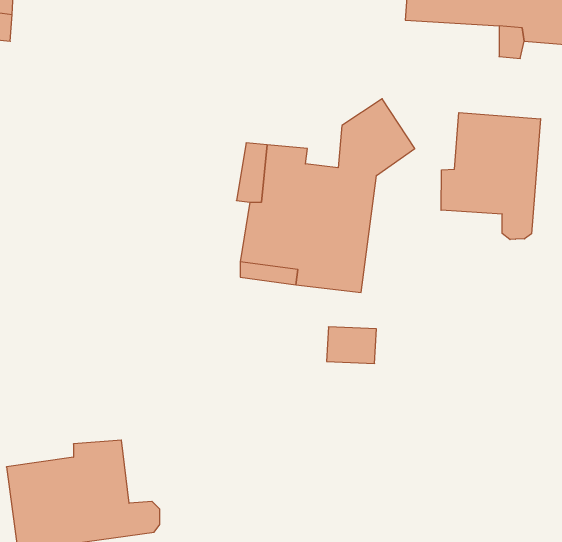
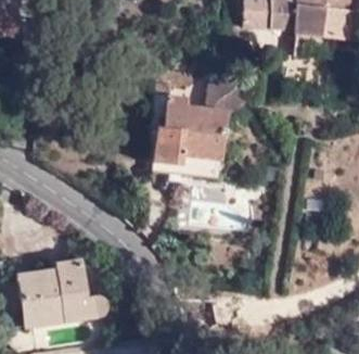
building: [441,113,541,240] -> none

